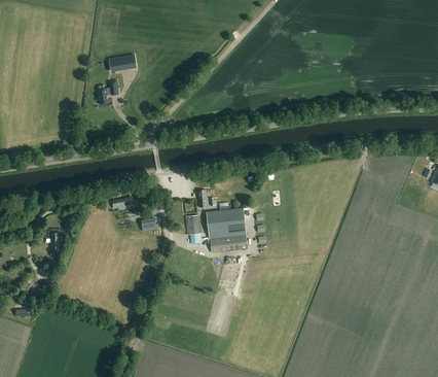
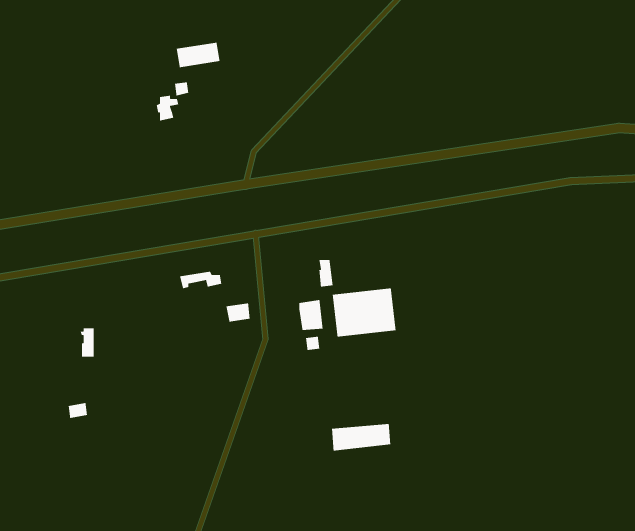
building: [211,235,248,252] -> [331,423,391,451]

